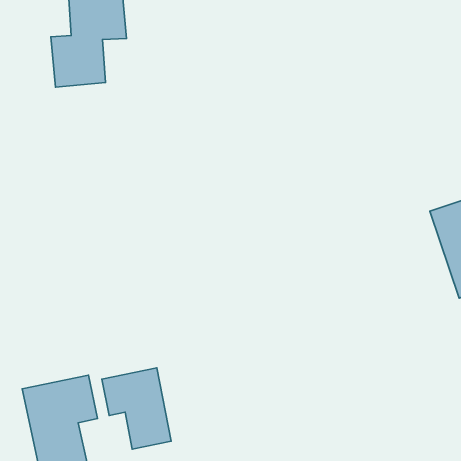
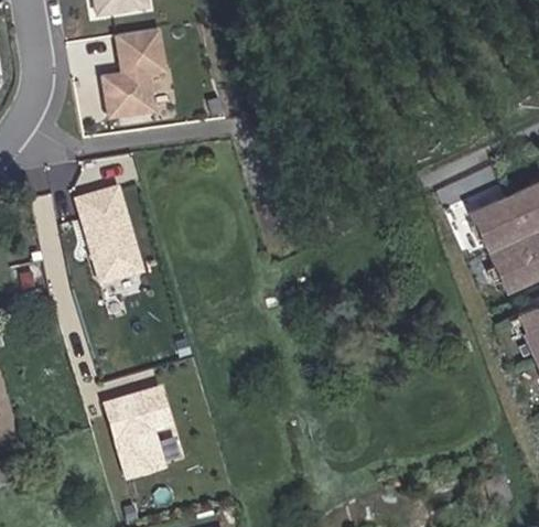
building: none -> [75,184,148,286]
building: [102,368,171,449] -> none

